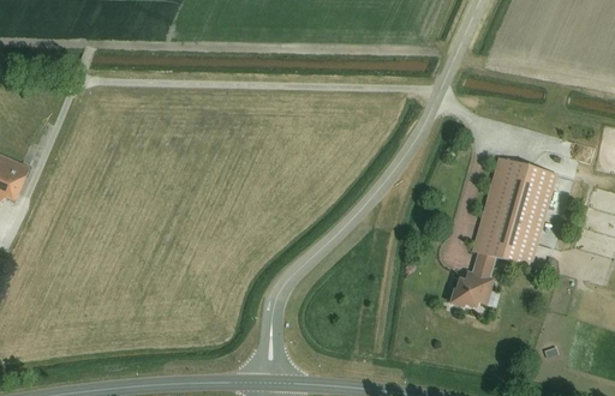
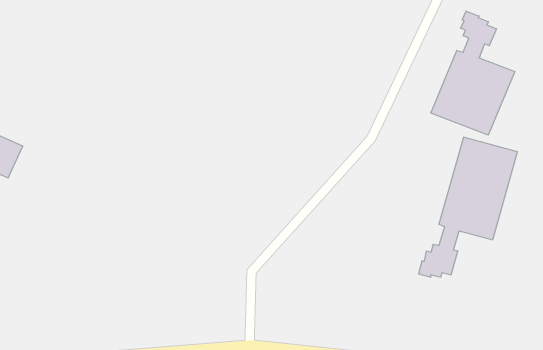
building: none -> [431,11,515,135]

